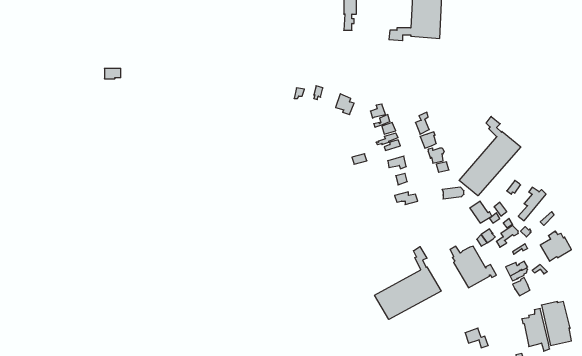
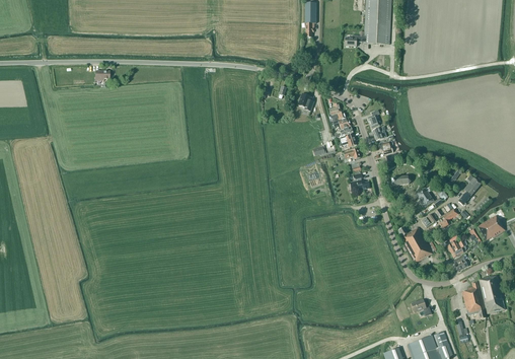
building: [459,116,521,196] -> none
building: [375,247,441,319] -> none

